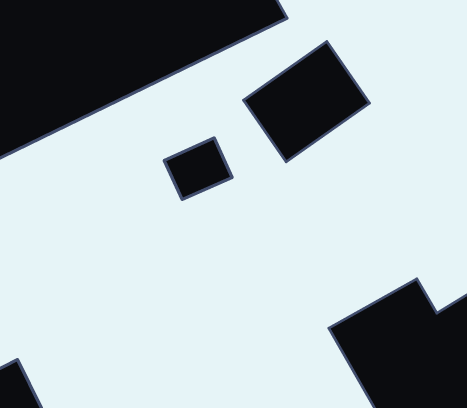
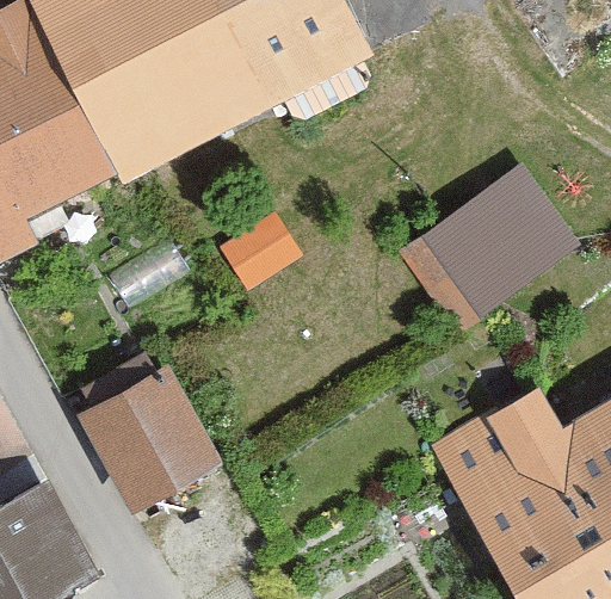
building: [243,41,369,162] -> [416,163,575,315]
building: none -> [78,363,215,507]

